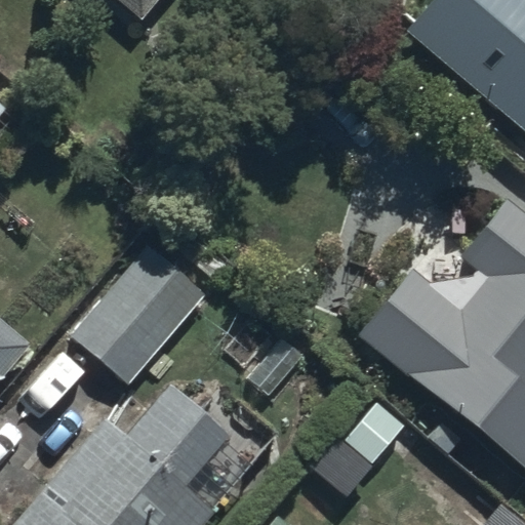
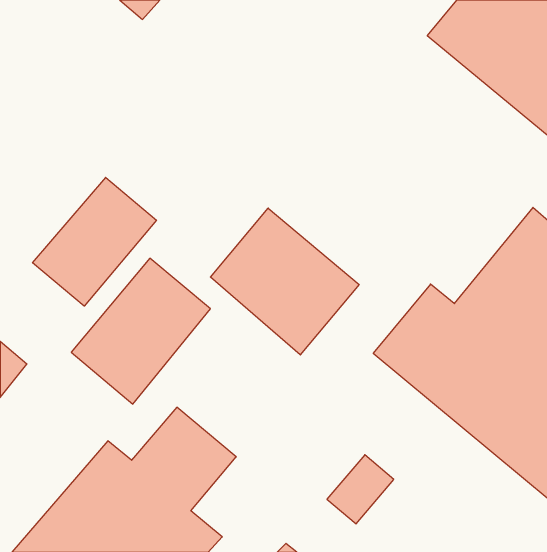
building: none -> [33,177,156,306]
building: none -> [210,208,359,355]

